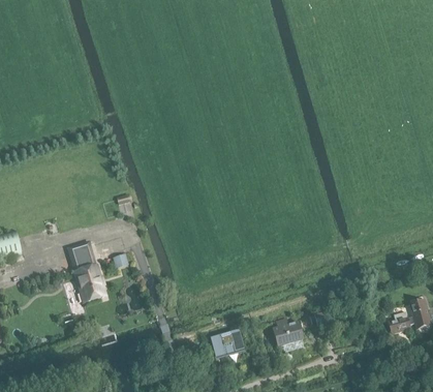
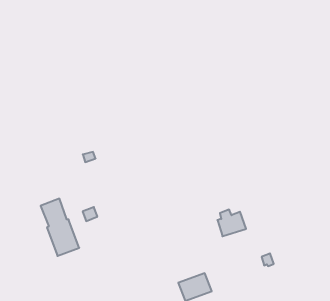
building: [272,316,302,344] -> [217,210,246,236]

